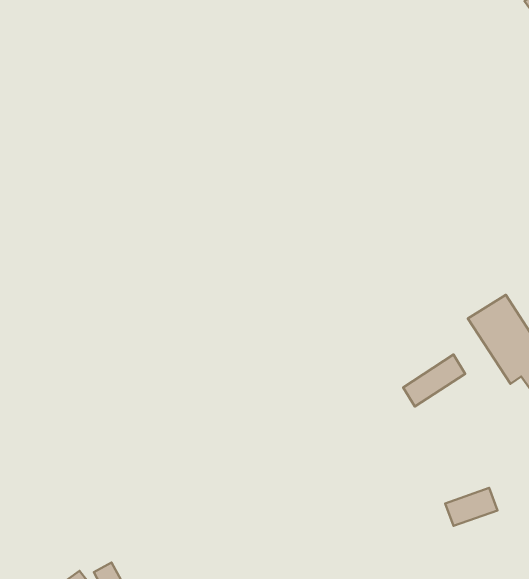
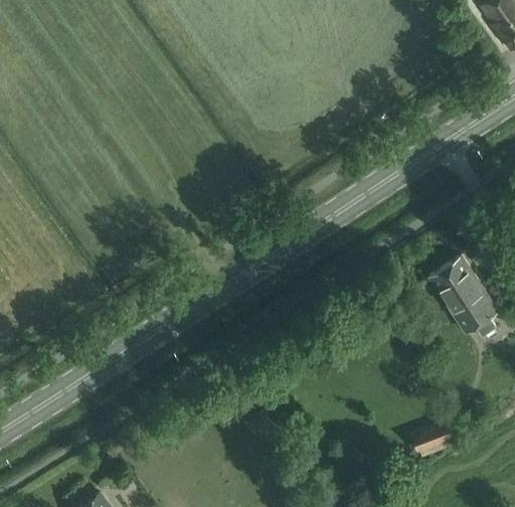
building: [403,355,465,407] -> none

